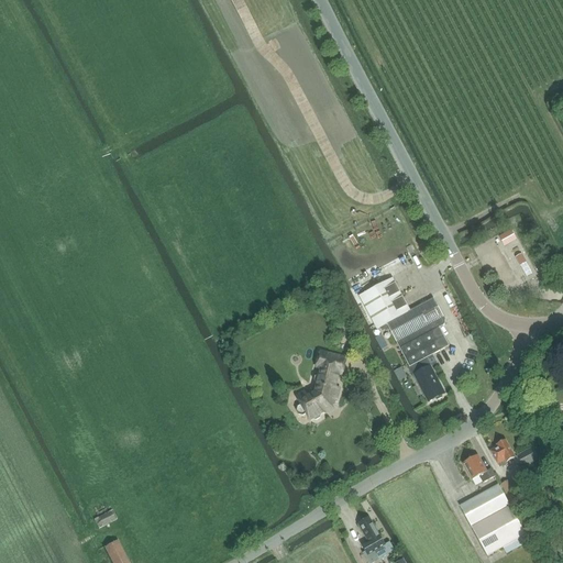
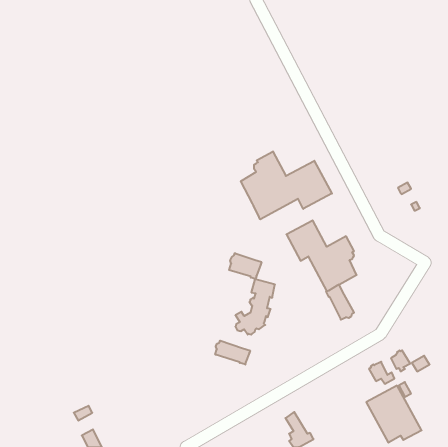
building: none -> [241,151,332,219]
building: none -> [229,253,261,279]
building: none -> [215,341,250,365]

